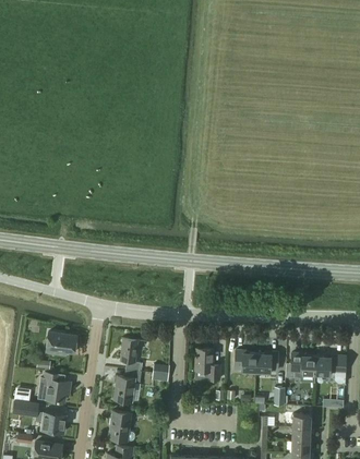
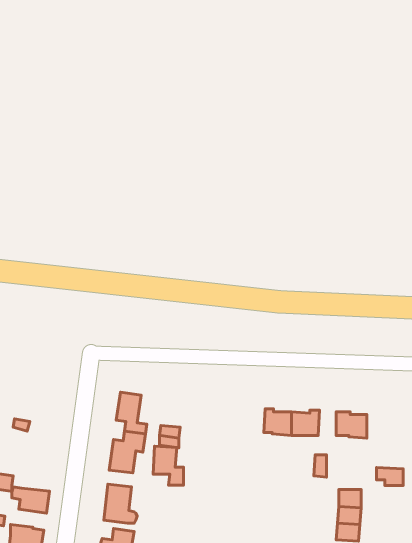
building: [47,333,77,357] -> none
building: [195,350,219,381] -> [153,446,184,485]
building: [315,357,346,385] -> none
building: [37,374,71,402] -> none

